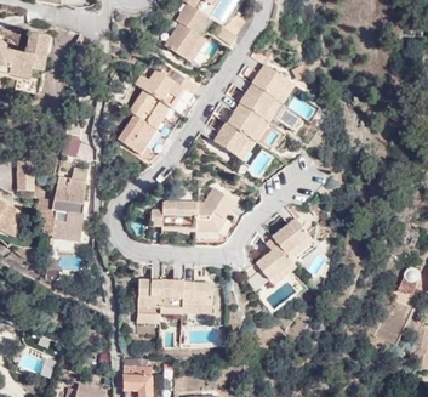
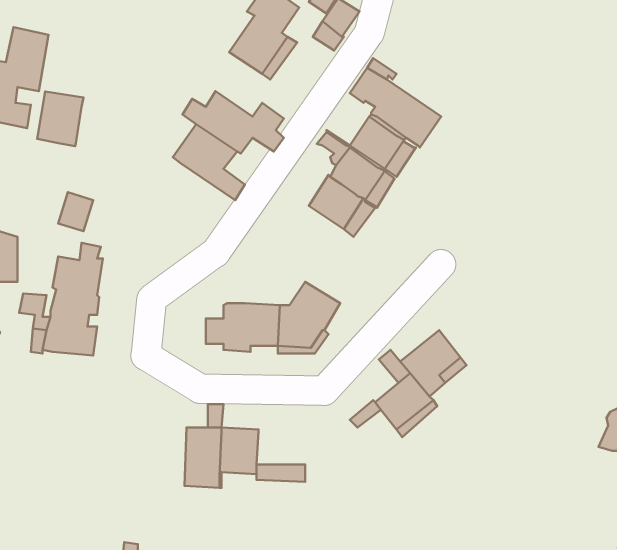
building: none -> [37,91,84,146]
building: [118,114,169,154] -> none
building: [182,282,213,302] -> none

